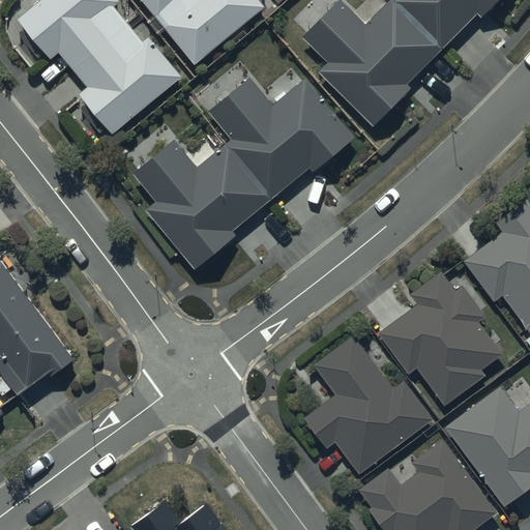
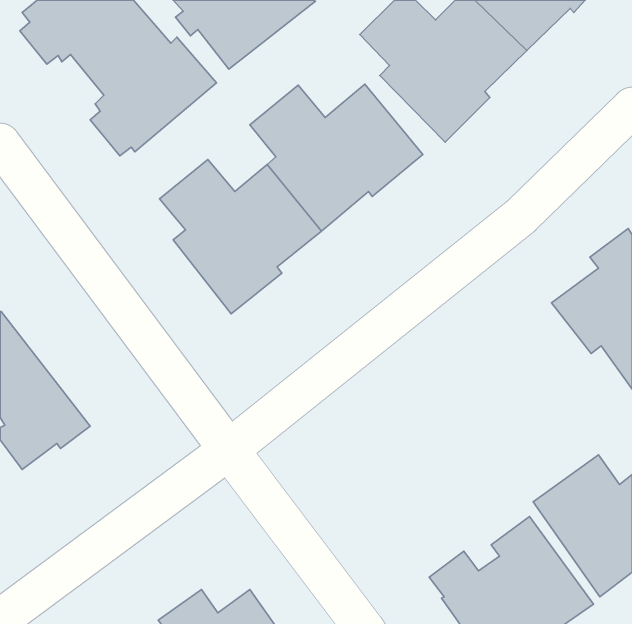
building: [379,269,502,407] -> none
building: [306,333,434,473] -> none

